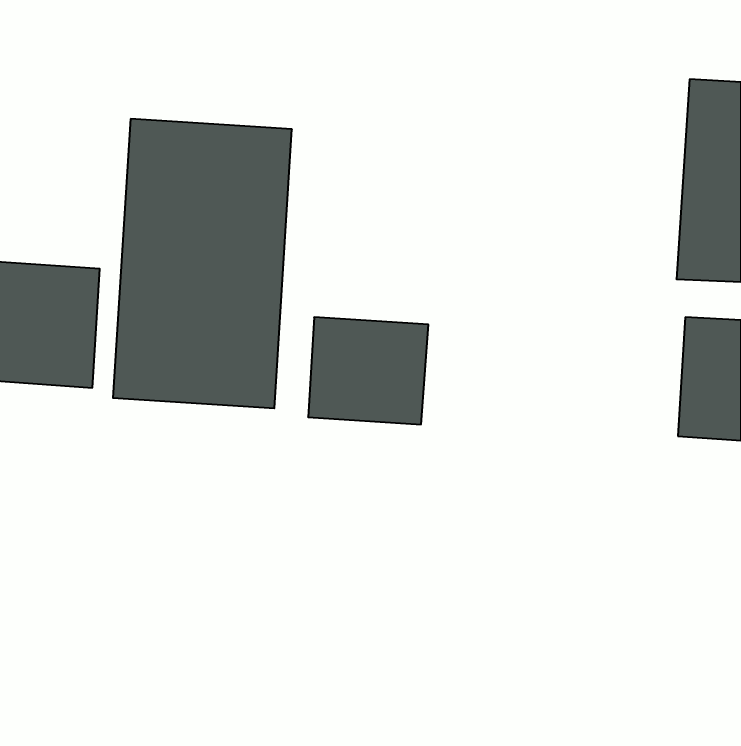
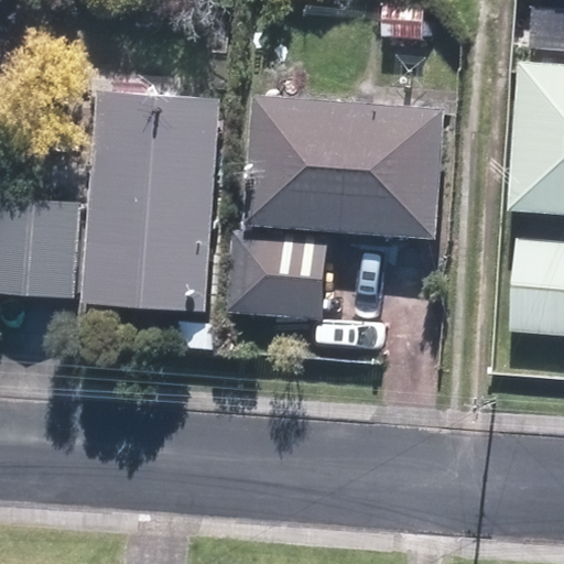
building: none -> [248,97,437,237]

